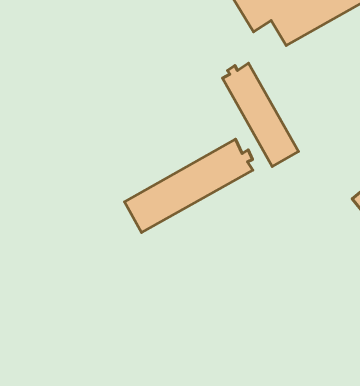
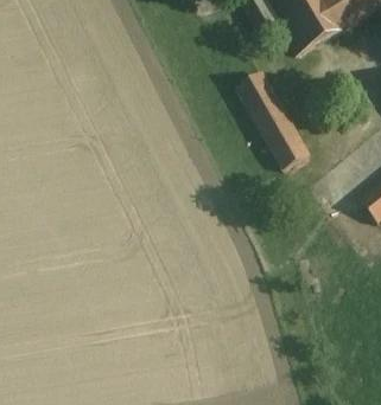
building: [125,139,253,233] -> none

